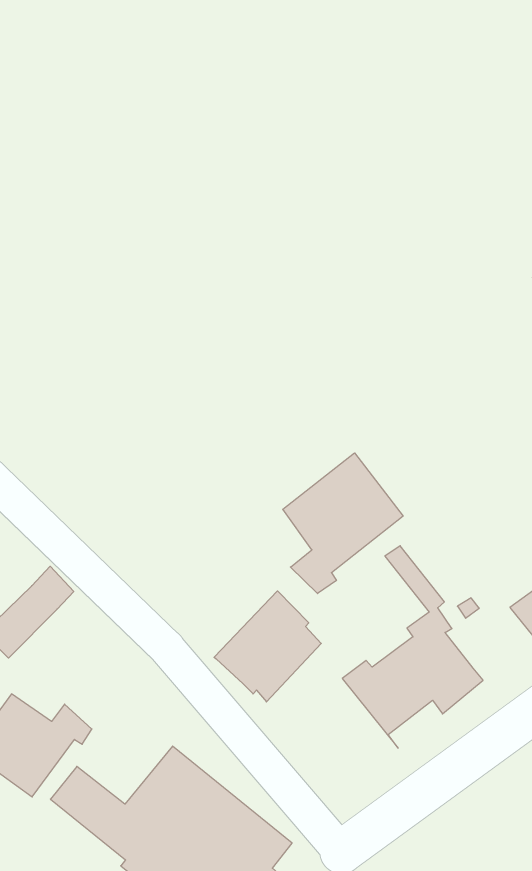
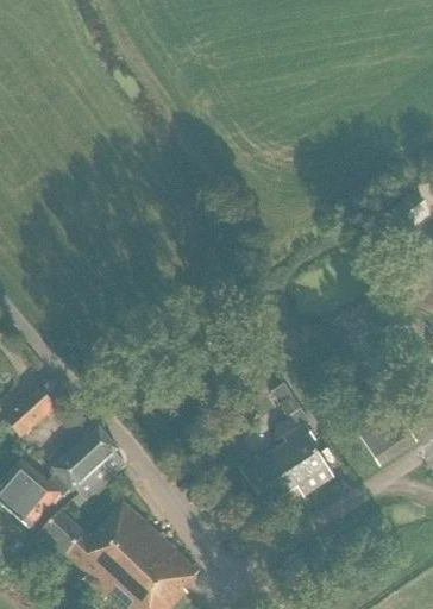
building: [283,453,403,594] -> none
building: [214,591,321,702] -> [55,427,126,500]

